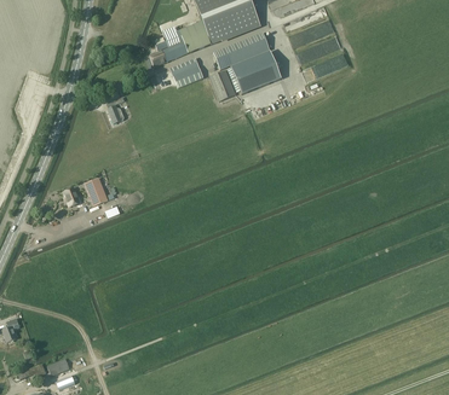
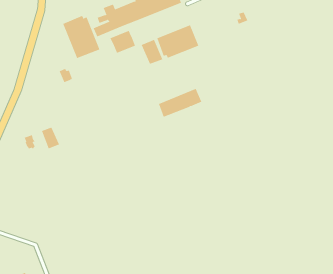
building: [215,33,270,69] -> [158,88,202,117]
building: none -> [63,15,100,59]

